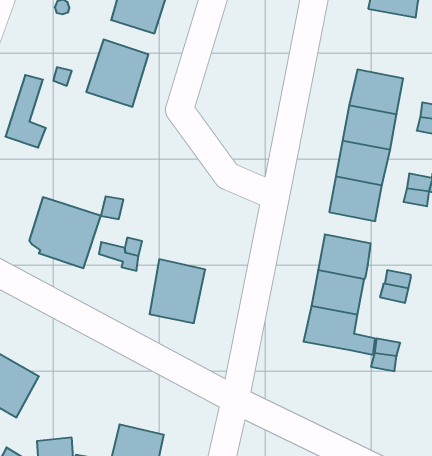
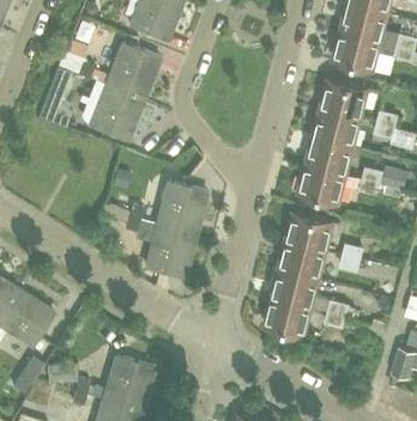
building: none -> [334,30,380,69]
building: [29,197,101,268] -> [84,80,144,140]
building: none -> [158,182,206,234]
building: none -> [265,298,310,336]

